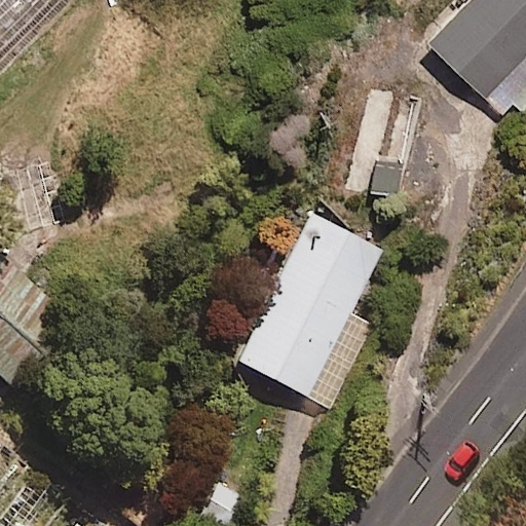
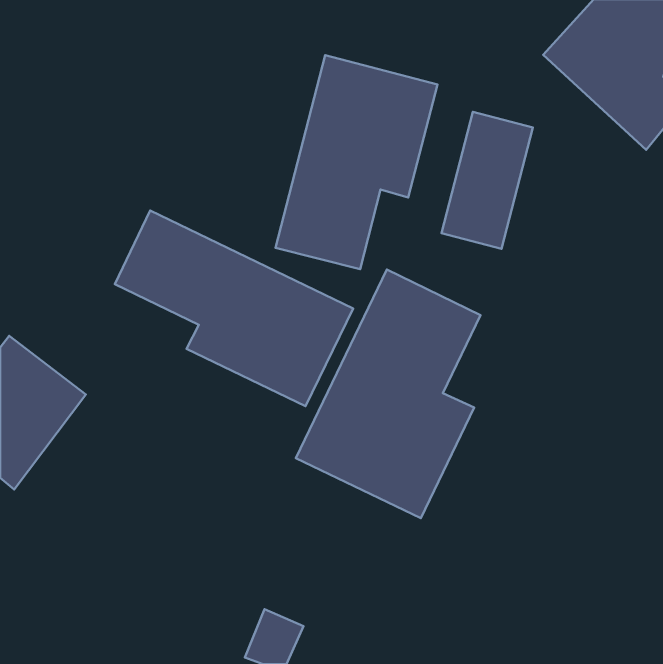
building: none -> [276,55,437,269]
building: none -> [115,211,353,406]

